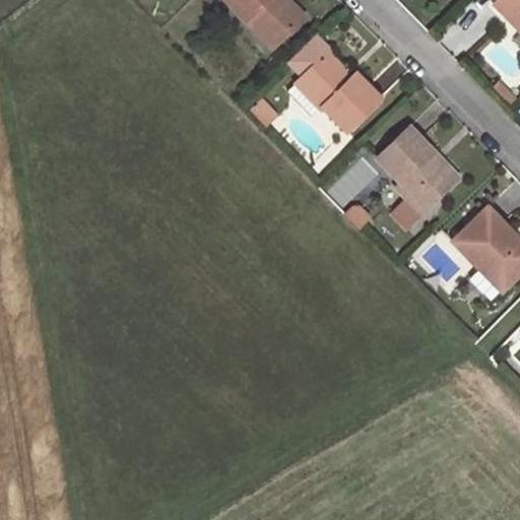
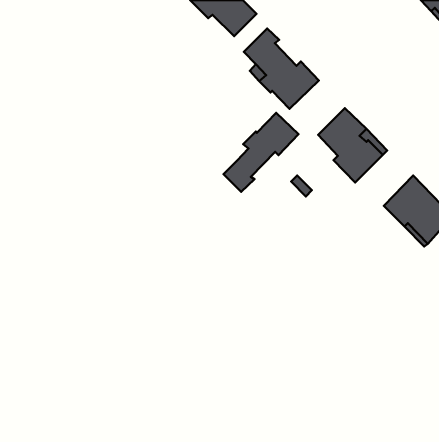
building: none -> [224,113,299,192]

